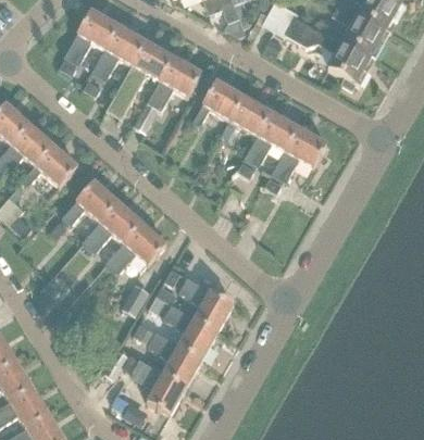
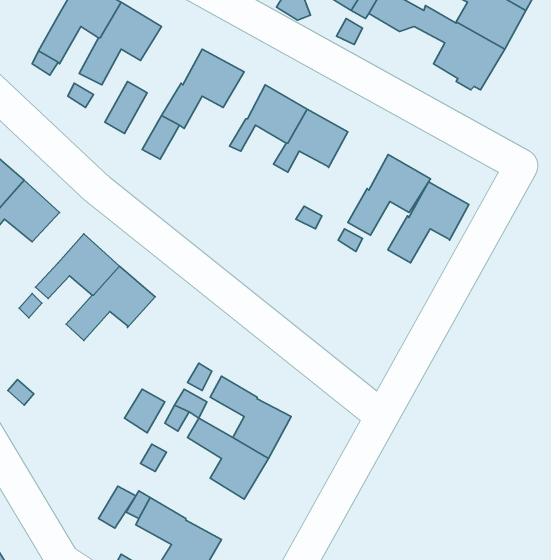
building: [123,41,173,84] -> none
building: [244,112,298,166] -> [388,182,469,263]
building: [104,223,165,273] -> none
building: [147,331,201,386] -> none

